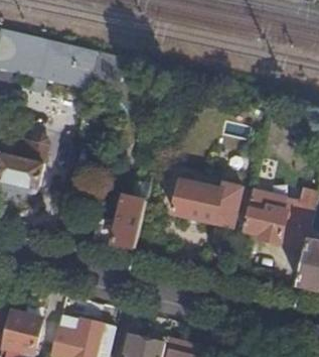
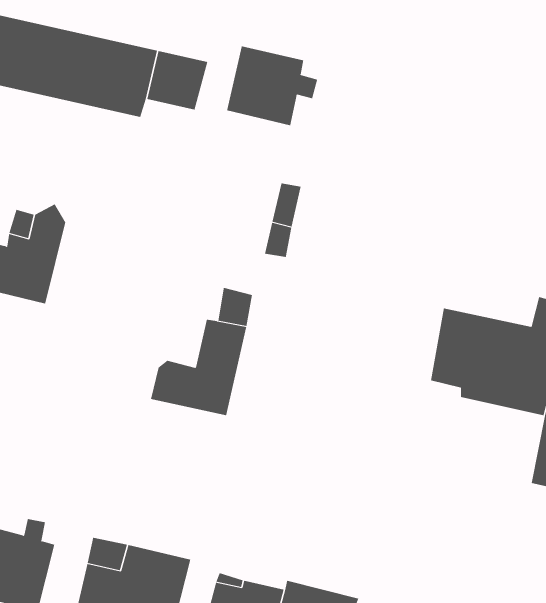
building: none -> [227,45,318,126]
building: [172,180,242,227] -> none

